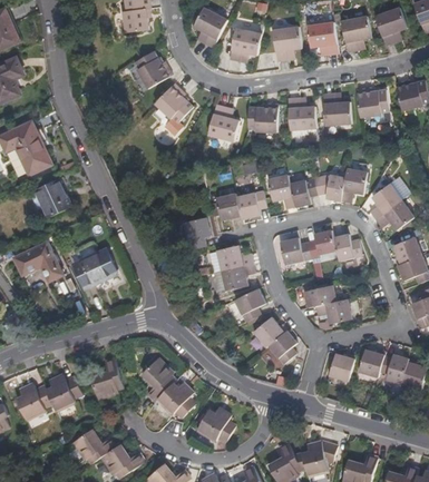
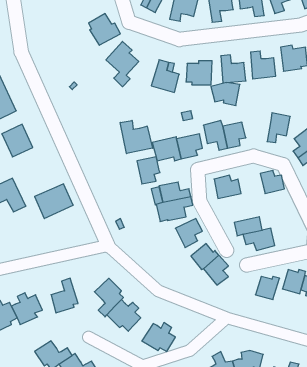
building: [312,173,345,199] -> [211,83,240,106]
building: none -> [120,120,153,154]
building: [308,230,337,259] -> none

